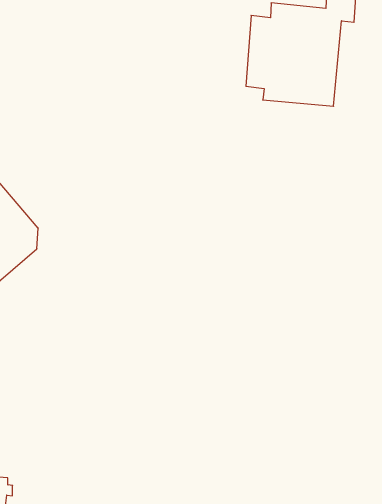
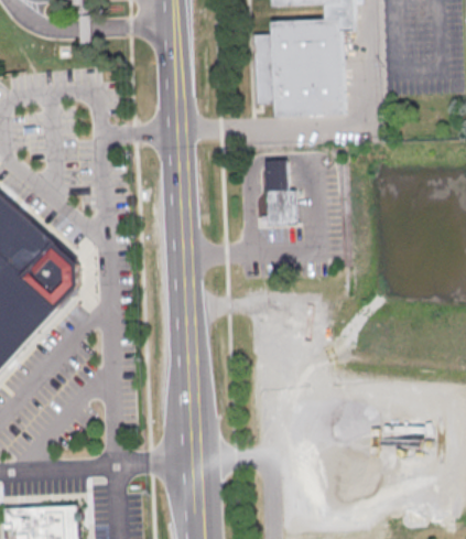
building: none -> [264,158,295,222]

